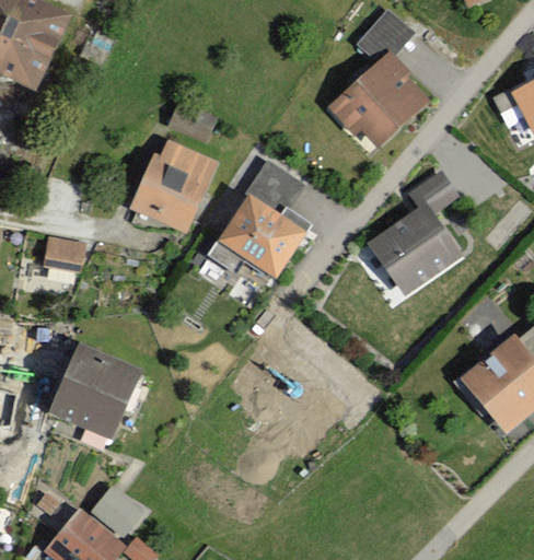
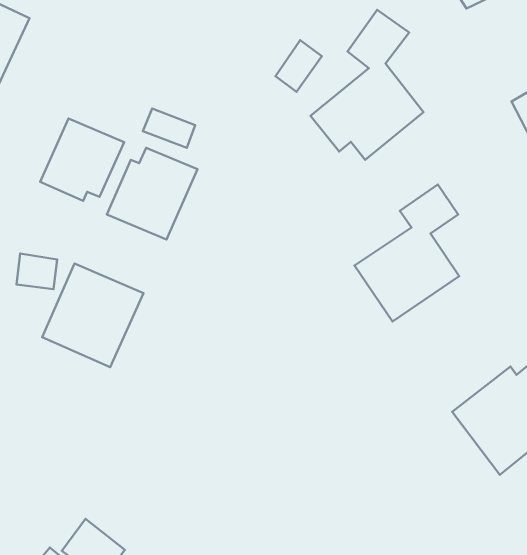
building: none -> [276,40,322,92]
building: none -> [40,118,124,201]
building: [202,163,304,282] -> none
building: [55,336,148,431] -> [42,264,143,367]

